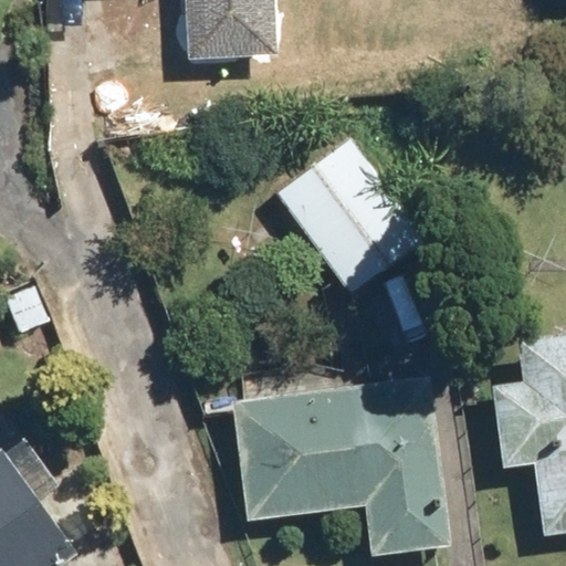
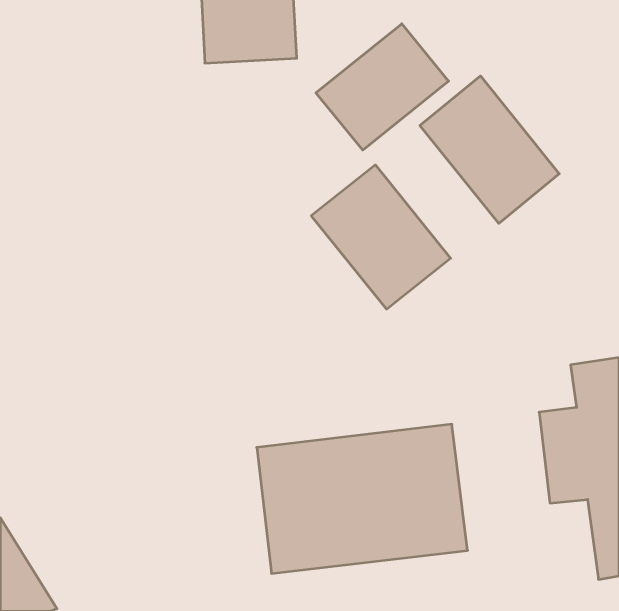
building: none -> [316,24,449,150]
building: none -> [420,76,559,223]

